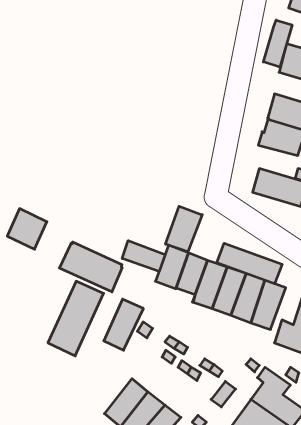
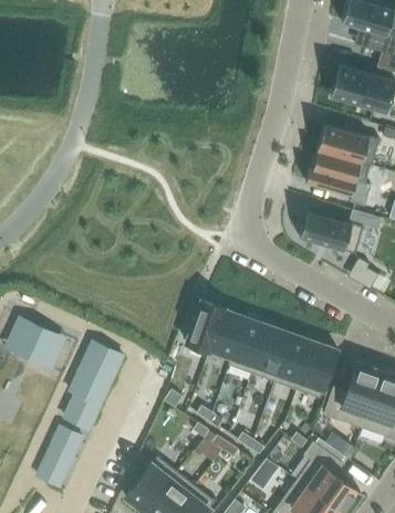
building: [263,20,292,67] -> none
building: [166,206,202,252] -> none
building: [7,209,47,249] -> [12,317,59,365]
building: [122,241,165,271] -> none
building: [59,242,122,292] -> none
building: [217,243,282,284] -> none
building: [104,299,143,350] -> [40,427,86,486]

